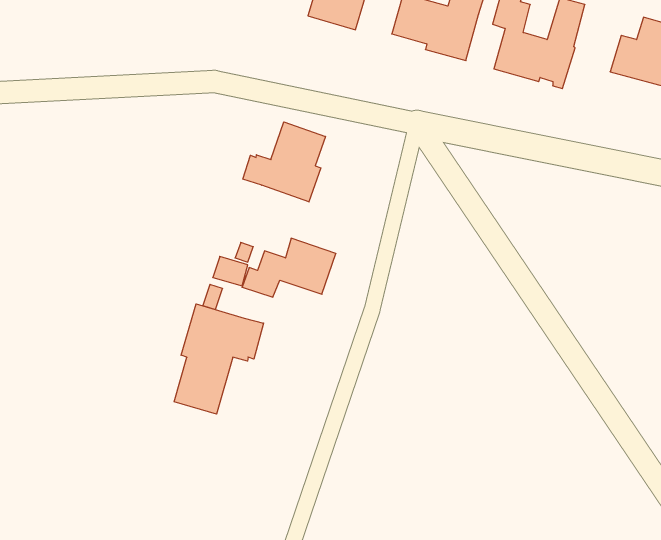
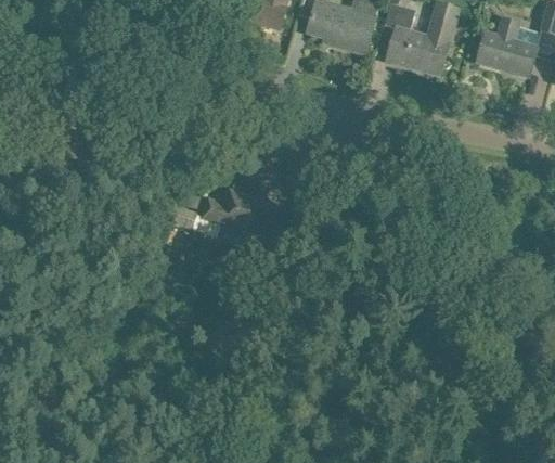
building: [243,122,325,202] -> none
building: [174,304,264,414] -> none

